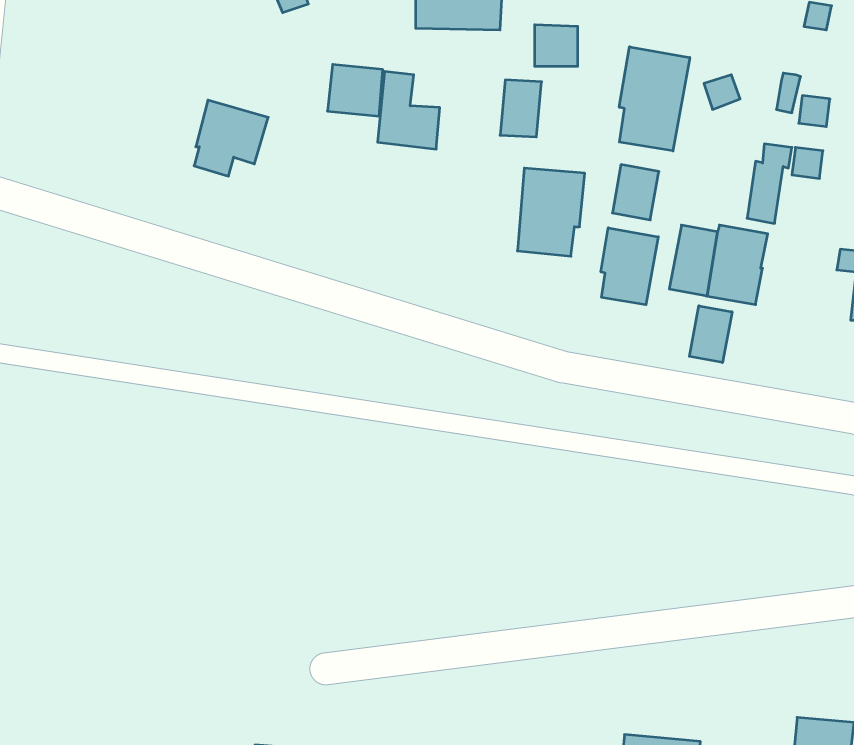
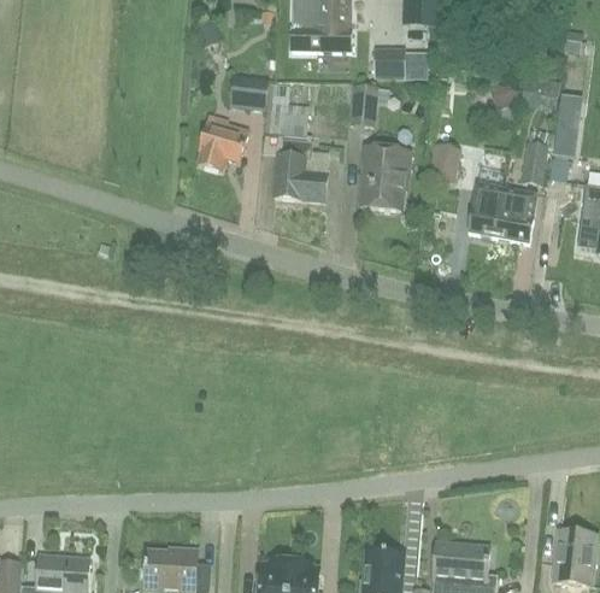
building: [619,47,690,151] -> none
building: [194,100,268,176] -> [198,116,249,169]
building: none -> [273,137,328,201]
building: [601,228,658,305] -> none
building: [689,306,732,363] -> none

